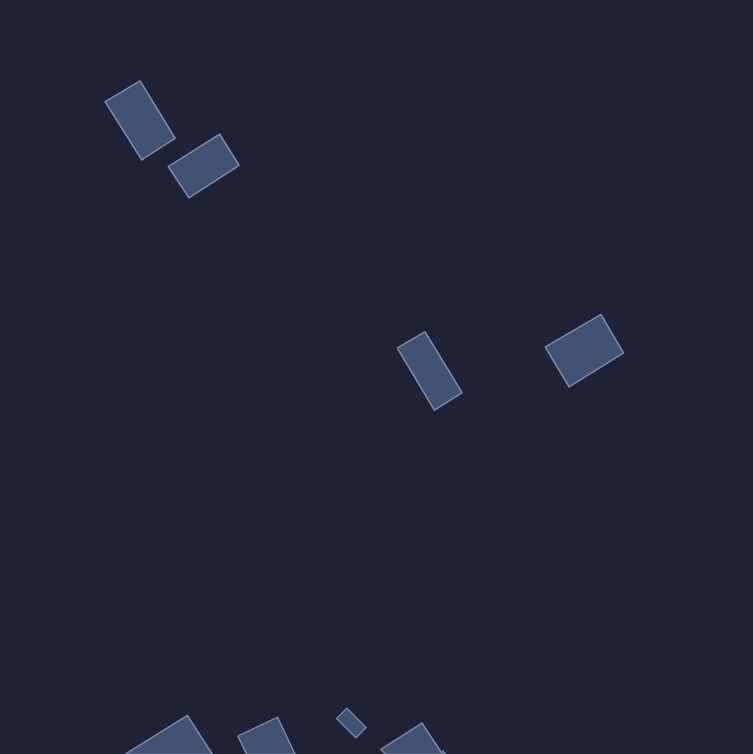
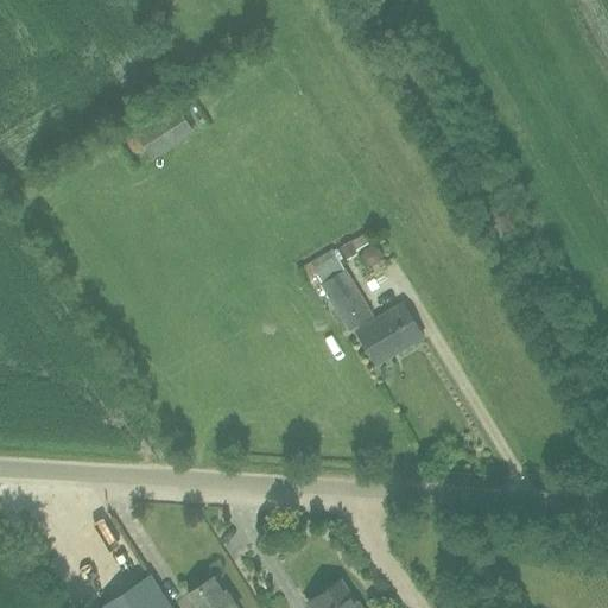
building: [105,81,175,160] -> none
building: [545,315,623,387] -> [359,305,422,363]

